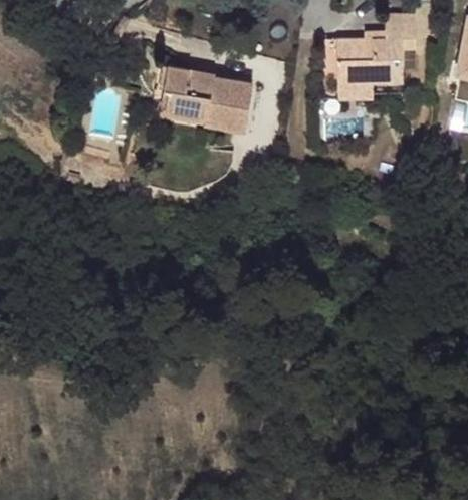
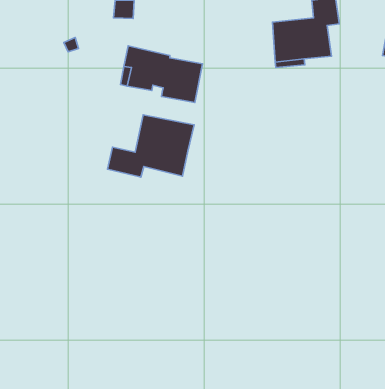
building: none -> [107,115,194,177]

